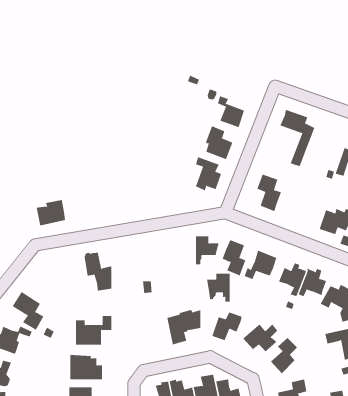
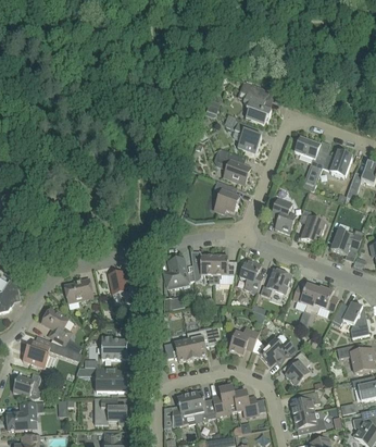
building: none -> [243,82,272,123]
building: none -> [322,150,352,176]
building: none -> [299,208,325,243]
building: [36,199,66,226] -> [64,276,92,301]
building: none -> [164,256,189,286]
building: [206,273,230,302] -> [191,254,214,282]
building: none -> [164,332,192,360]

